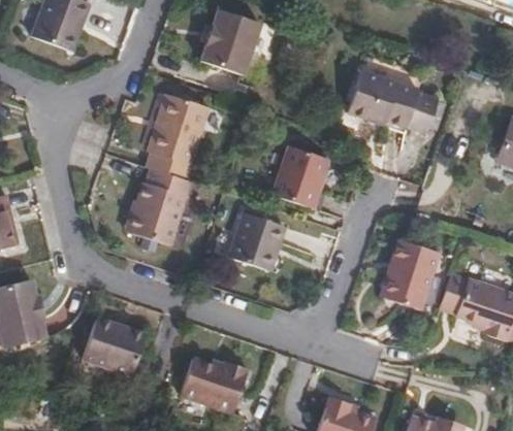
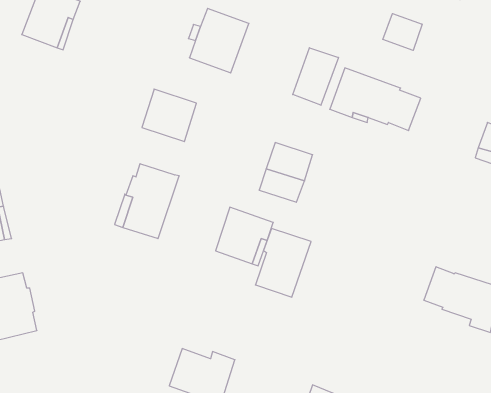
building: none -> [383,14,422,50]
building: none -> [293,48,338,105]
building: [146,131,196,179] -> none
building: [386,242,443,312] -> [255,228,311,297]
building: [83,316,146,374] -> none

